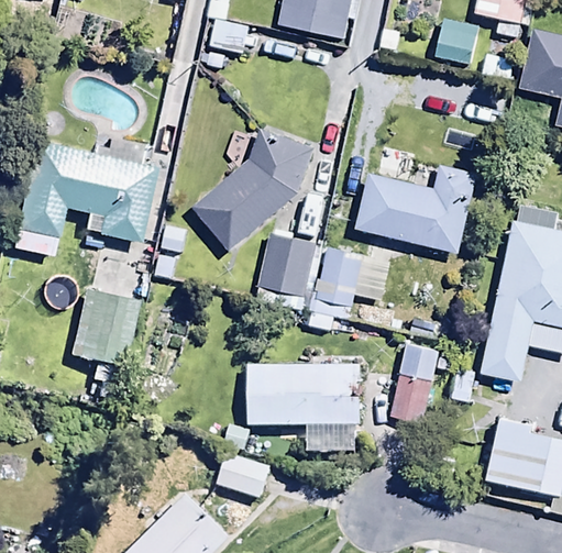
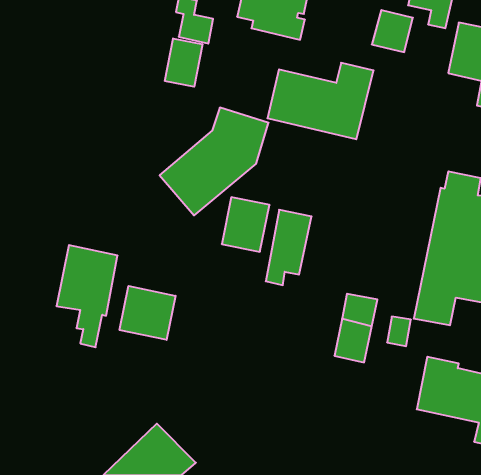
building: none -> [165,38,203,87]
building: [11,140,156,259] -> none
building: [355,163,477,251] -> [267,63,374,139]
building: none -> [120,286,176,340]
building: [244,361,362,451] -> none
building: [216,454,273,499] -> none

